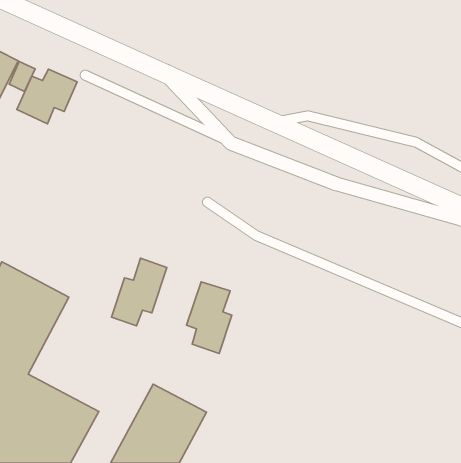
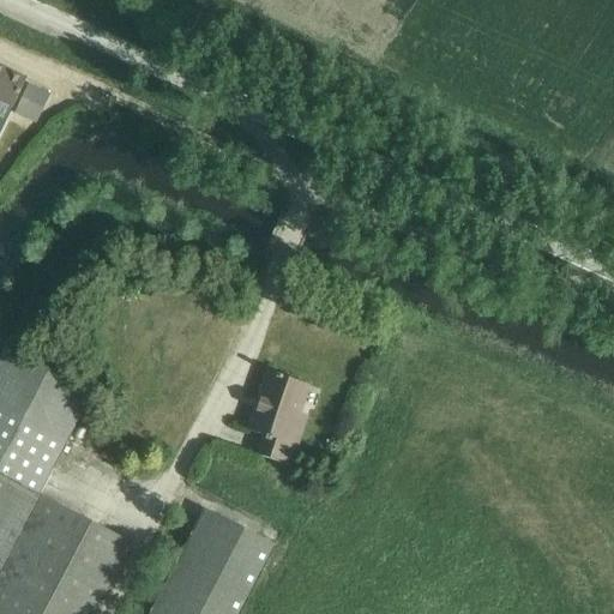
building: [17,69,77,124] -> none
building: [111,258,167,326] -> none

